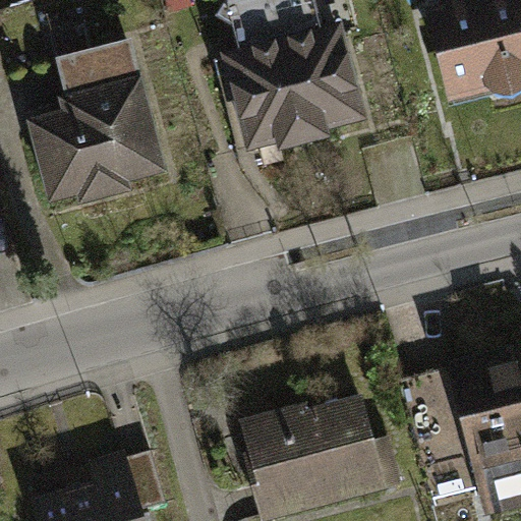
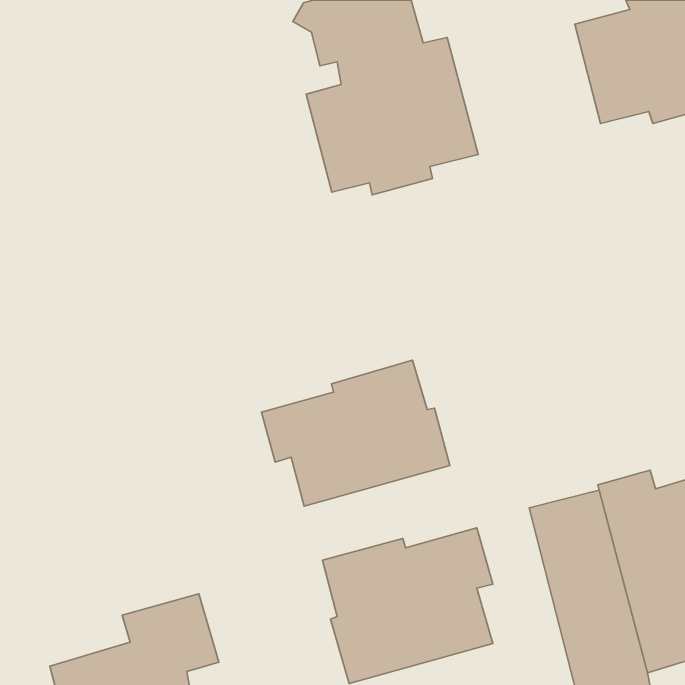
building: [34,45,164,201] -> none
building: none -> [261,360,450,506]

